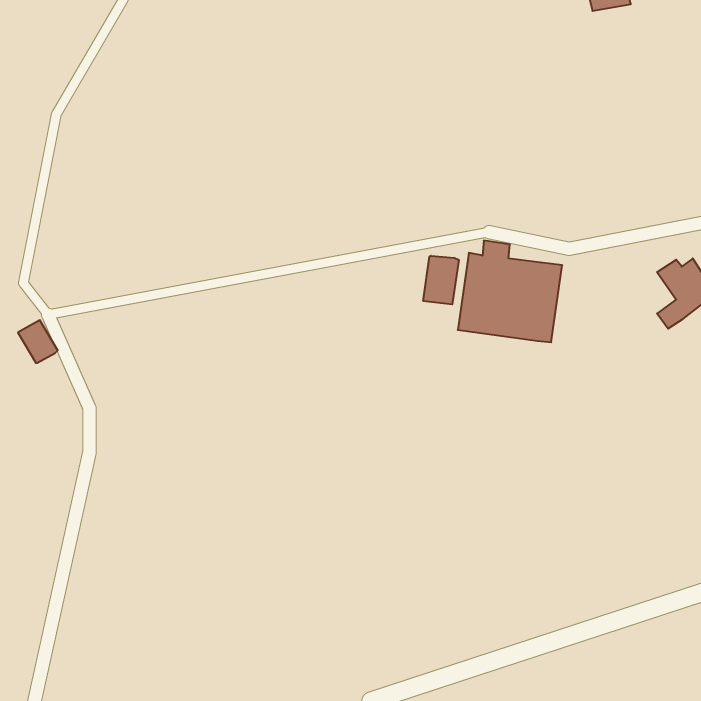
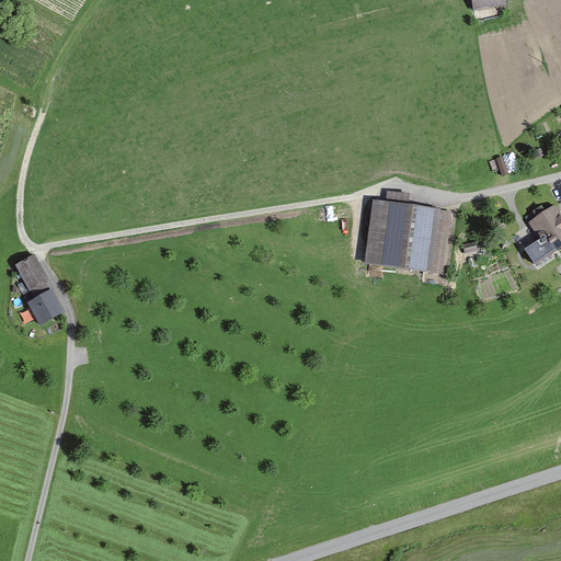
building: [423,256,459,304] -> none
building: none -> [27,289,61,323]

